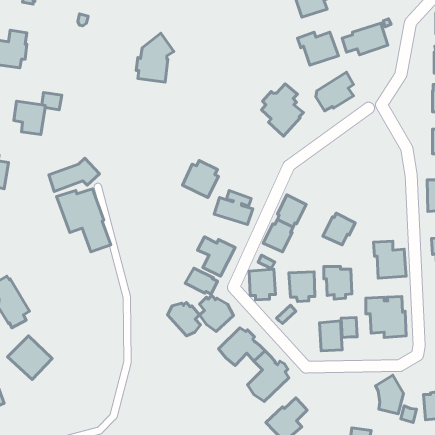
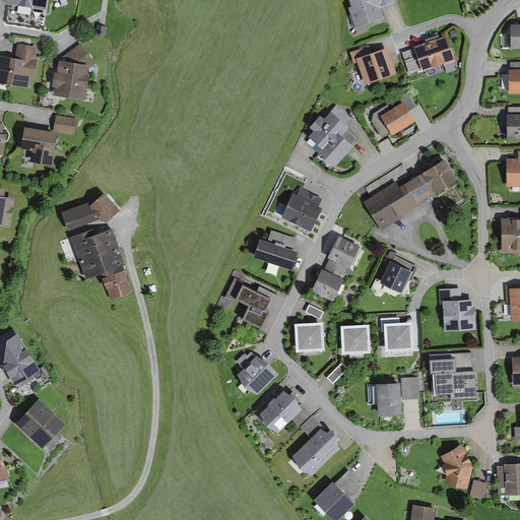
building: [136,33,174,82] -> [52,43,95,100]
building: none -> [363,157,458,231]
building: [182,161,218,197] -> [281,189,323,232]
building: [185,268,218,294] -> none
building: [168,302,201,336] -> none

